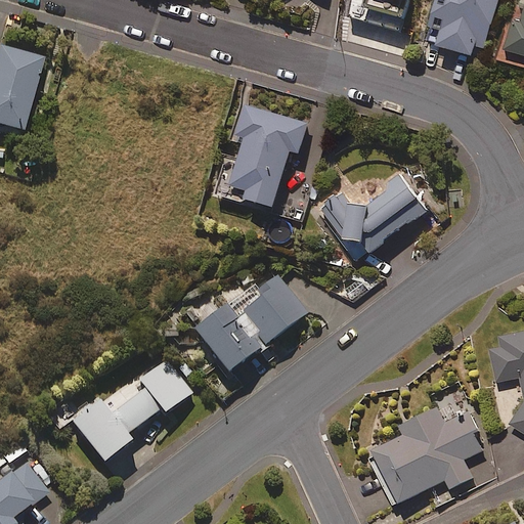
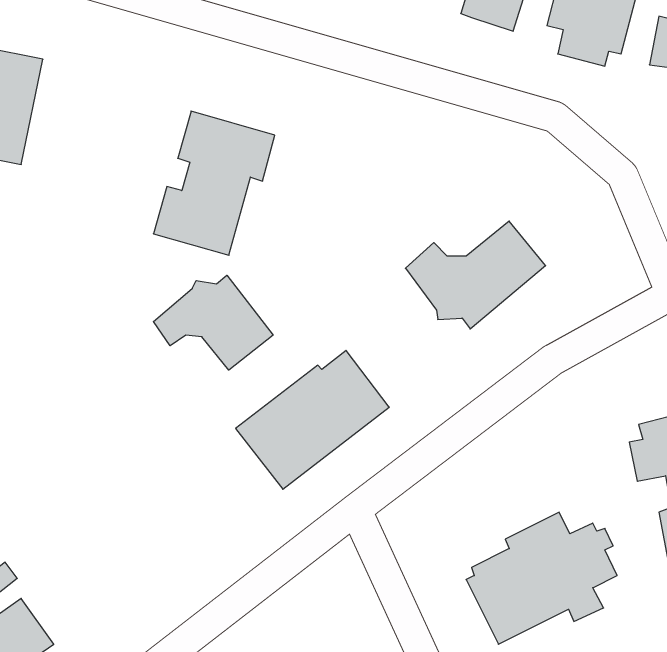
building: [215,102,307,212] -> [153,111,275,255]
building: none -> [153,275,273,370]
building: [64,358,191,469] -> none

